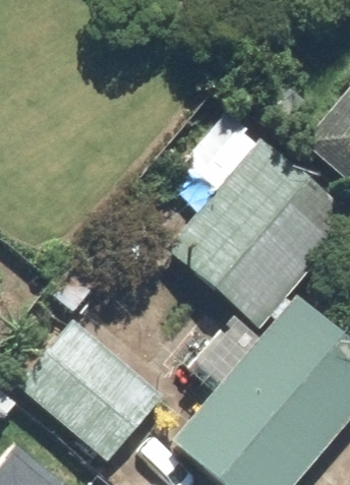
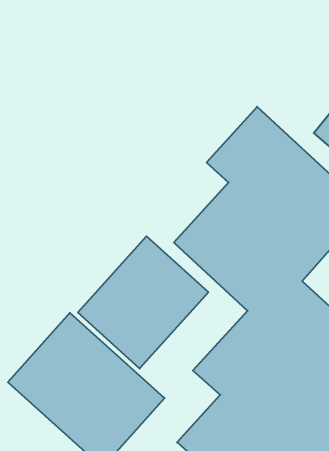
building: none -> [78,236,208,369]

